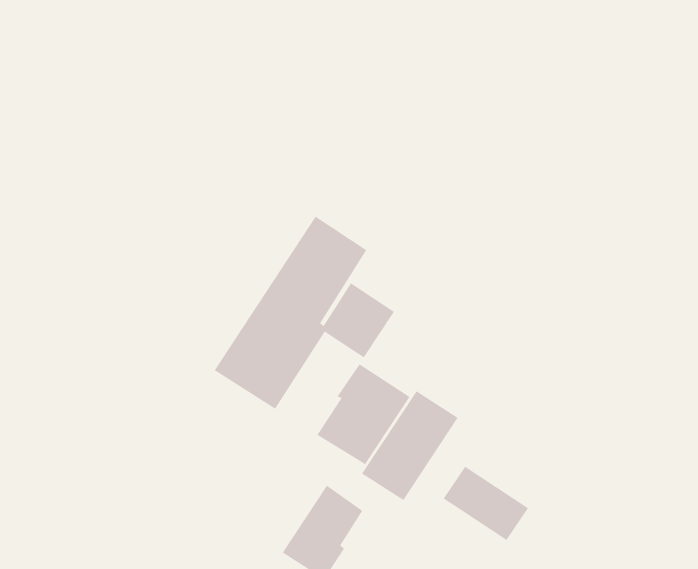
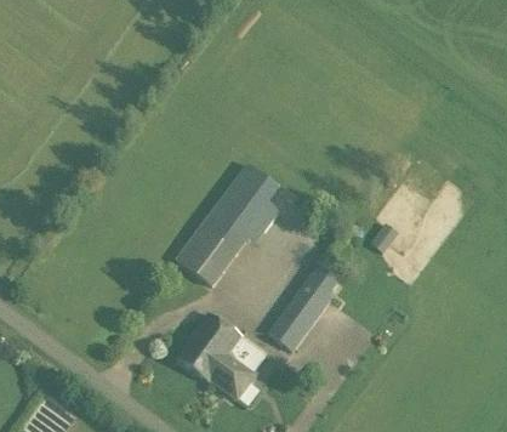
building: [316,364,411,465] -> [180,314,243,381]
building: [443,466,529,541] -> none

